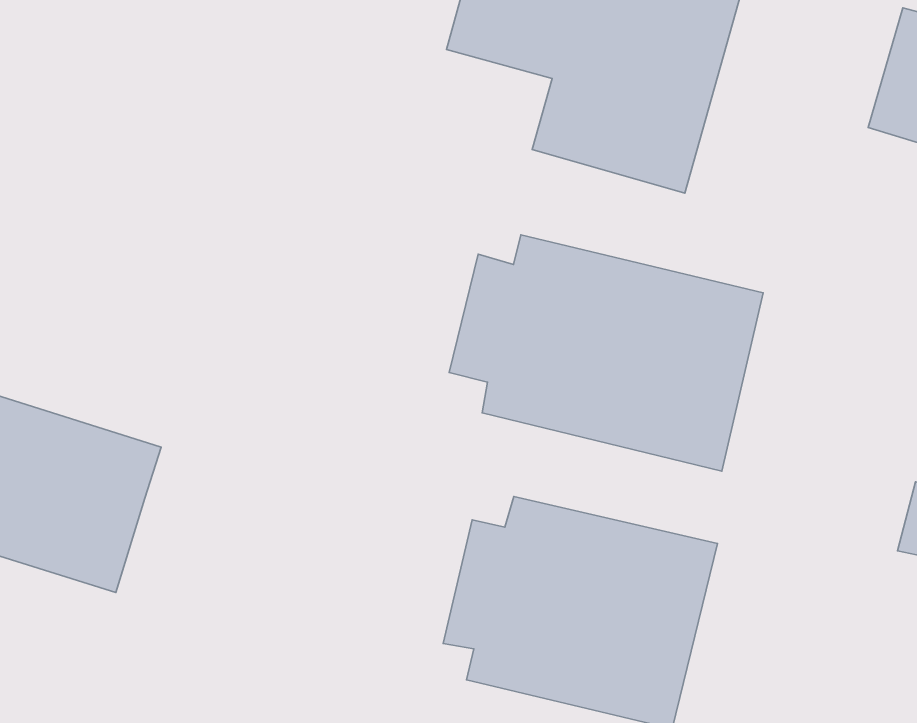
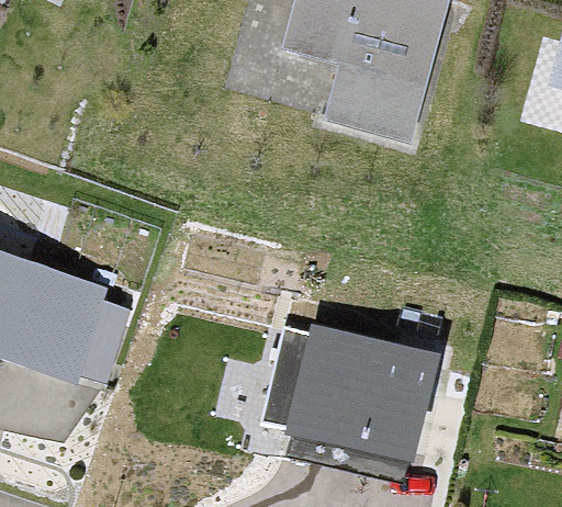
building: [449,235,763,471] -> none

